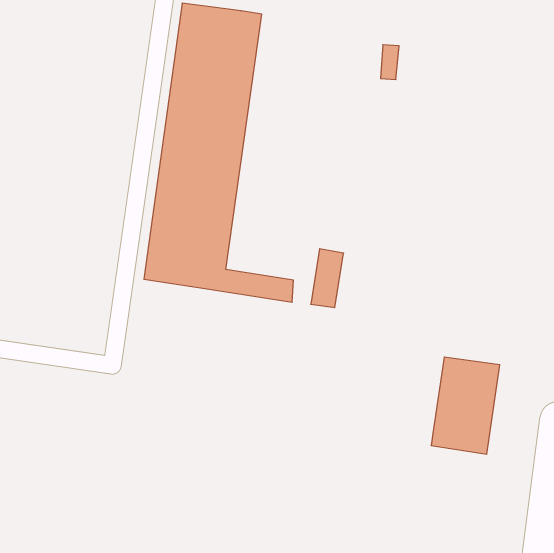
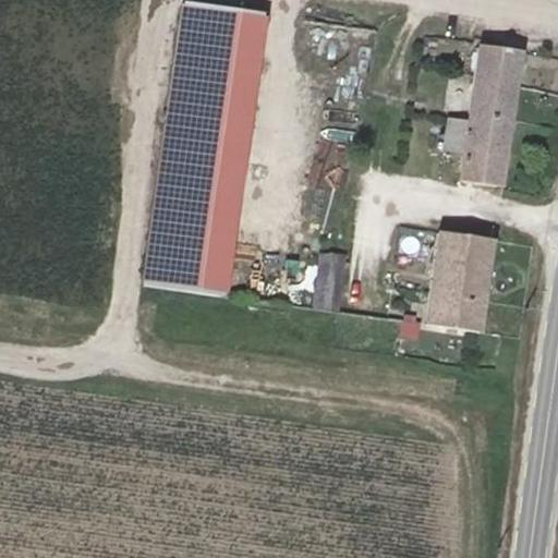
building: none -> [460,45,522,181]
building: [431,357,500,454] -> [426,232,495,329]

